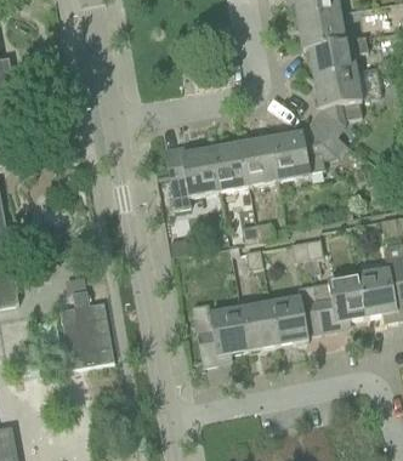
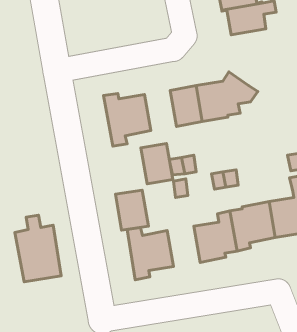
building: [312,70,362,137] -> none
building: [212,143,250,190] -> [141,144,173,184]
building: [239,303,278,351] -> [115,190,148,230]

